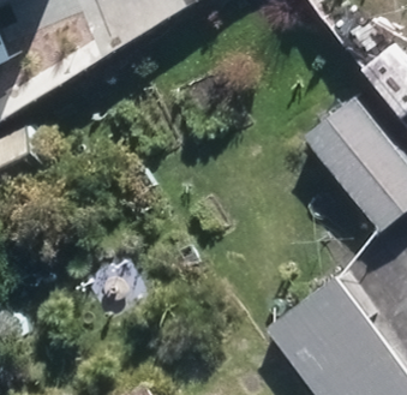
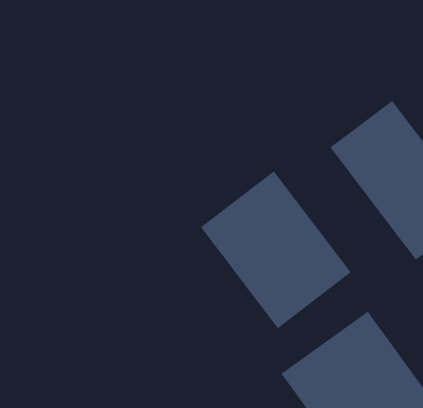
building: none -> [200,170,352,329]

